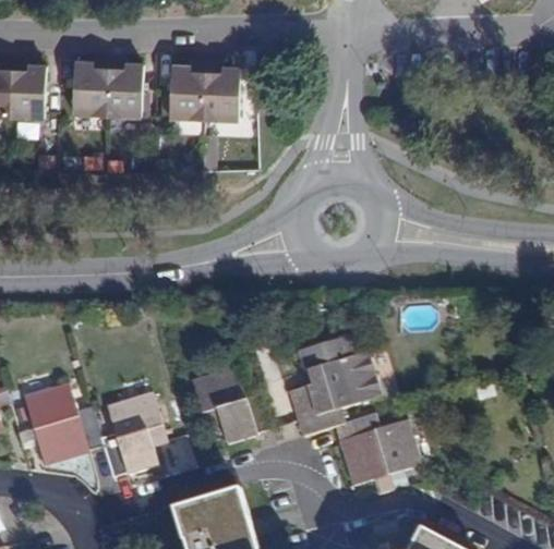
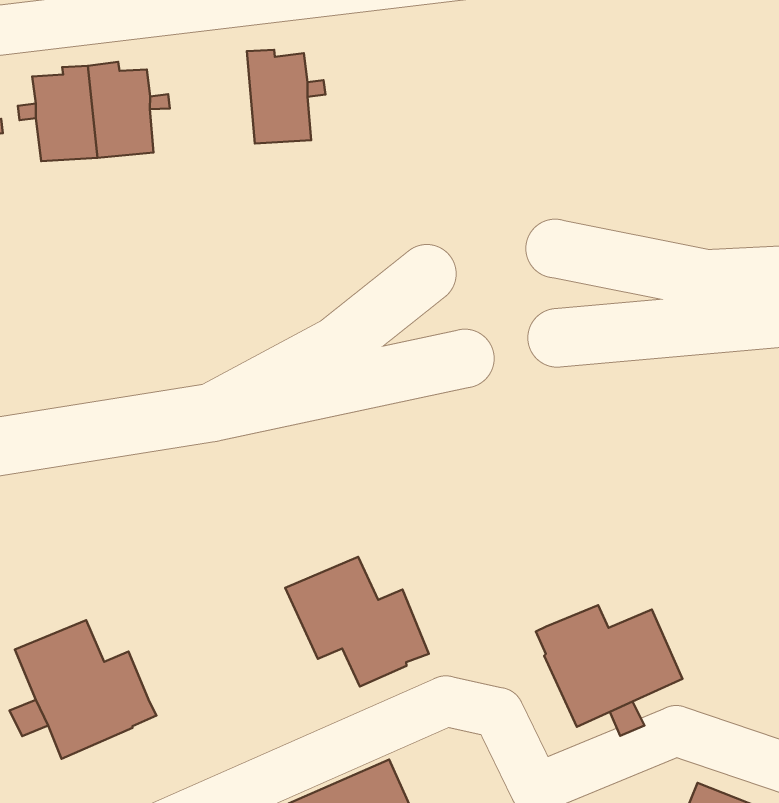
building: [170,59,206,114] -> none
building: [287,338,381,436] -> none
building: [99,394,165,478] -> none

